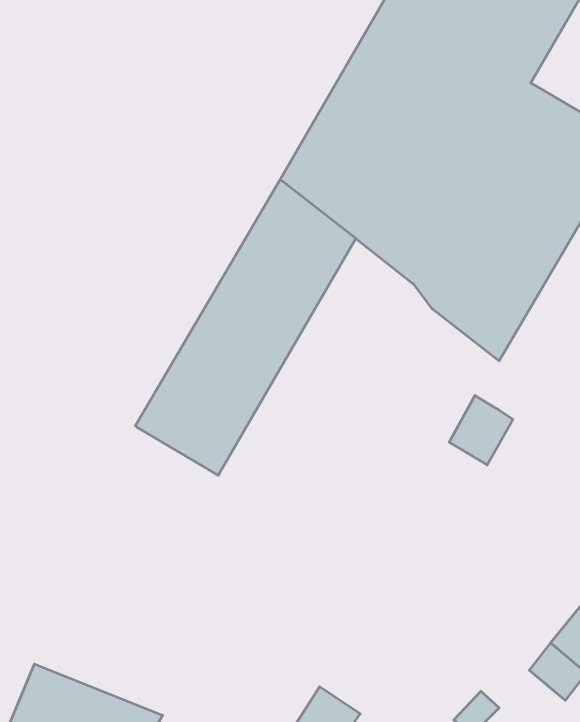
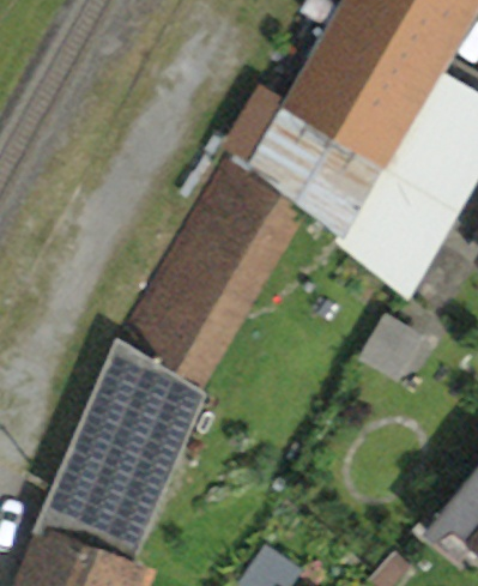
building: none -> [47,346,204,557]

